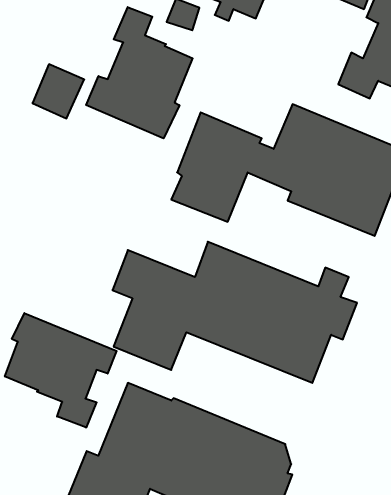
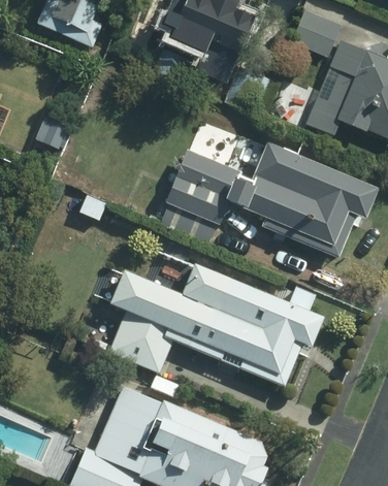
building: [86,7,193,138] -> none
building: [5,313,117,428] -> none

